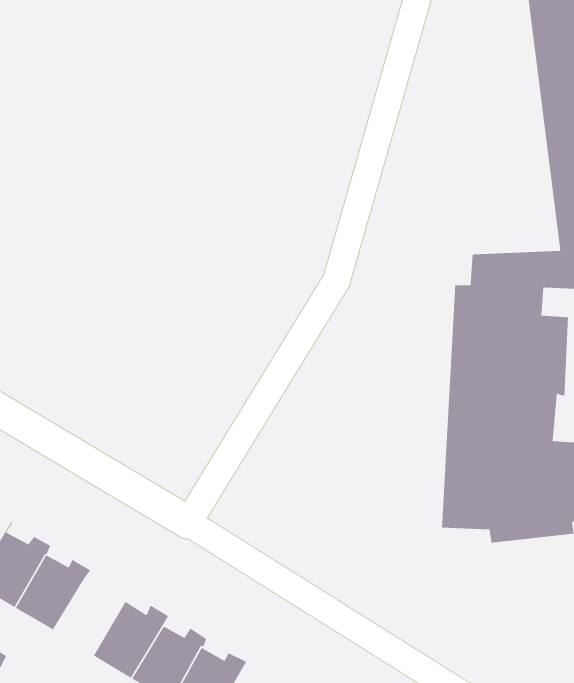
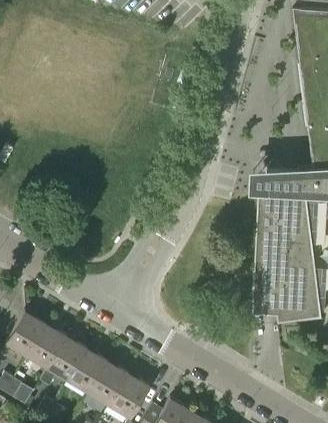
building: none -> [40,341,88,385]

